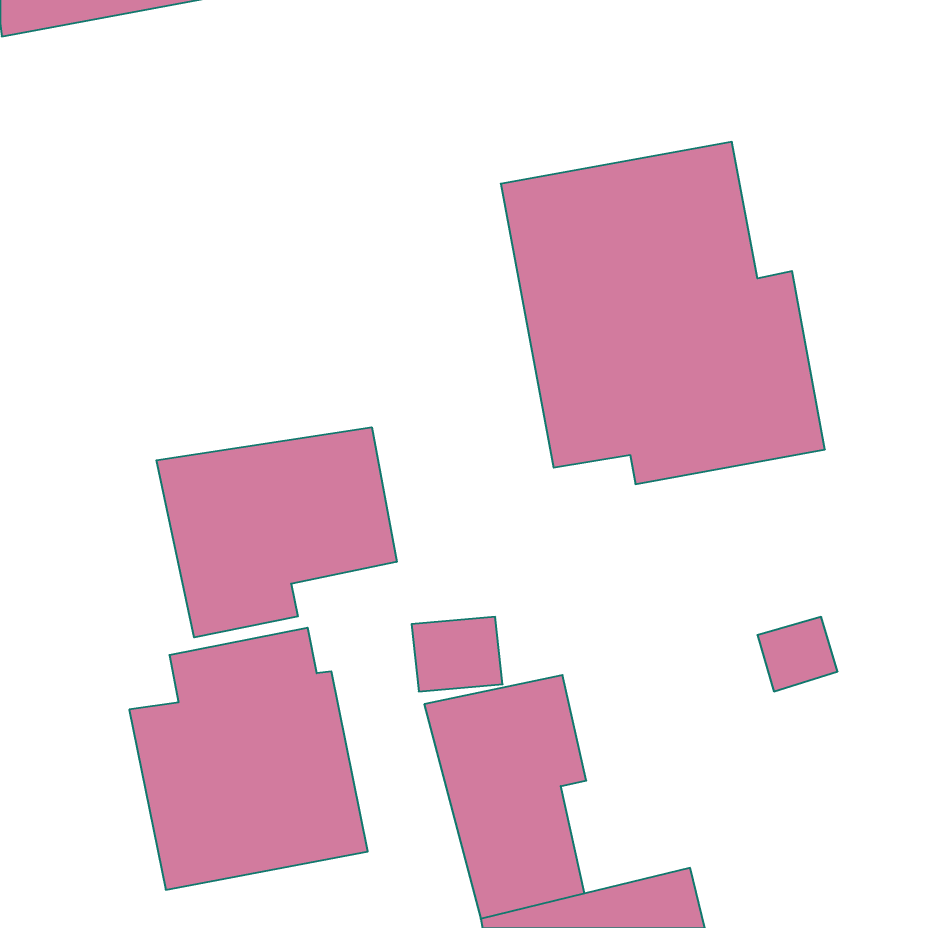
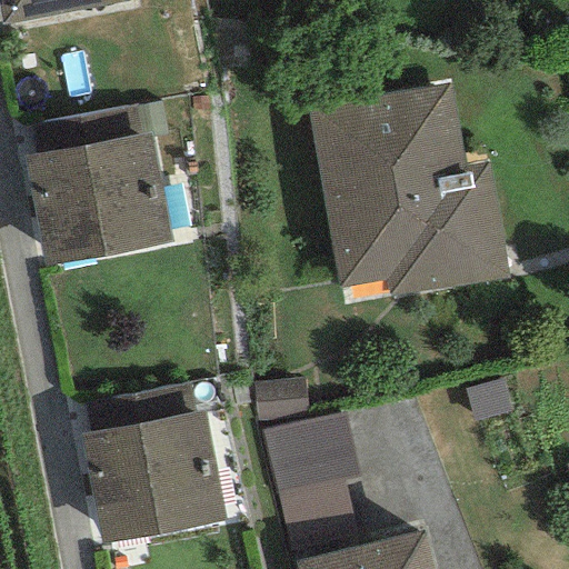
building: none -> [24,104,173,267]
building: [156,427,397,637] -> none

